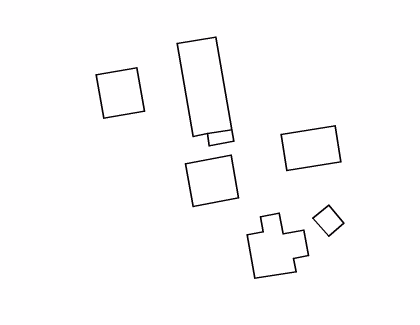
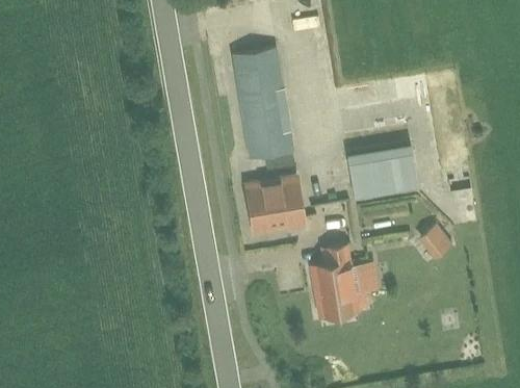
building: [96,68,144,118] -> none
building: [313,205,344,236] -> [419,227,453,261]

